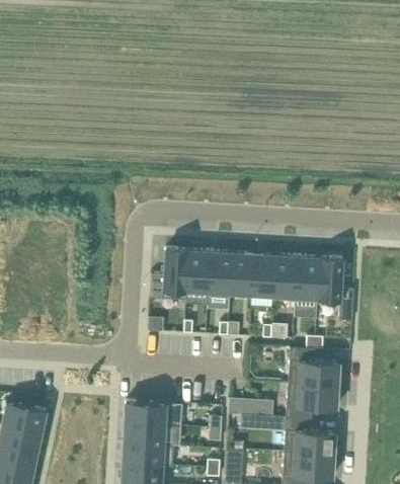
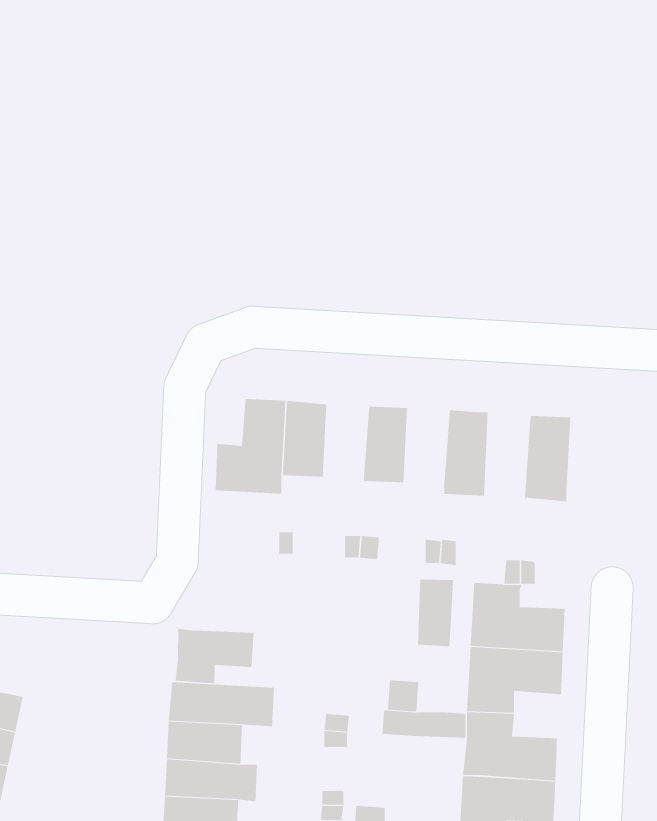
building: [208,251,233,298] -> none
building: [252,254,276,296] -> none
building: [296,256,320,303] -> none
building: none -> [417,579,454,647]
building: none -> [175,628,254,684]

